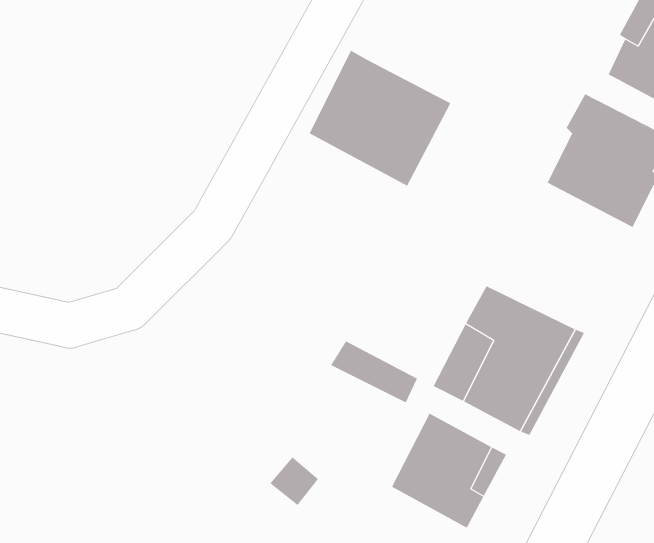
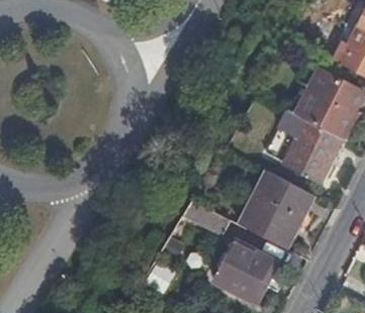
building: [309,50,451,187] -> [268,111,344,184]

